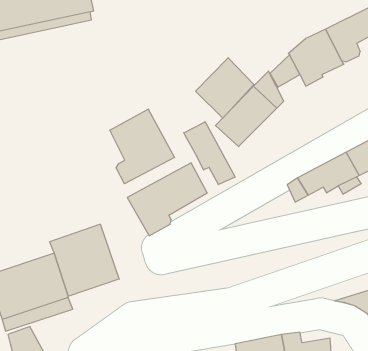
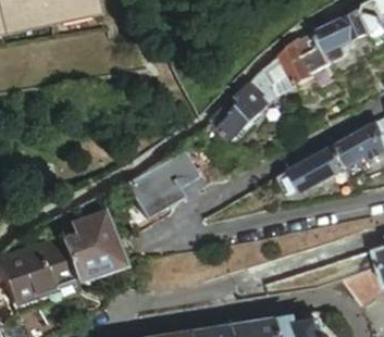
building: [196,58,254,118] -> none
building: [110,109,175,184] -> none
building: [184,122,235,185] -> none

